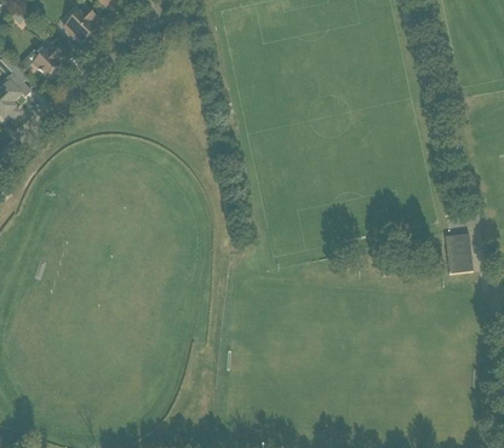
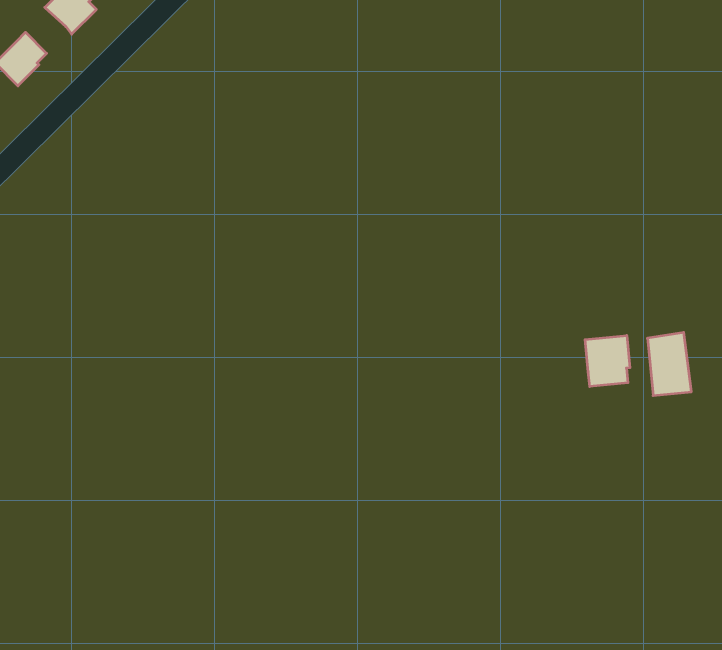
building: none -> [585,335,630,387]

